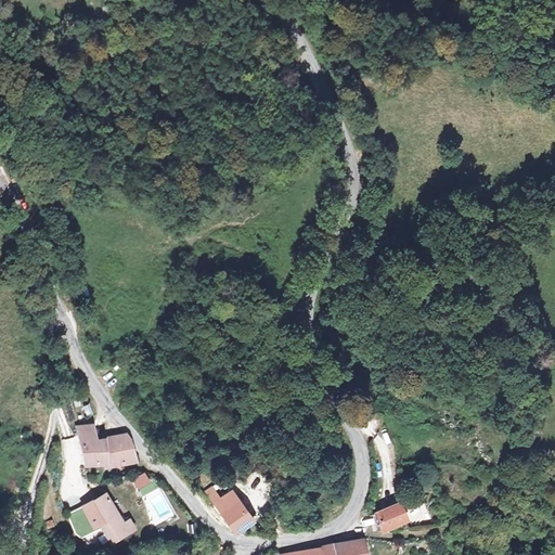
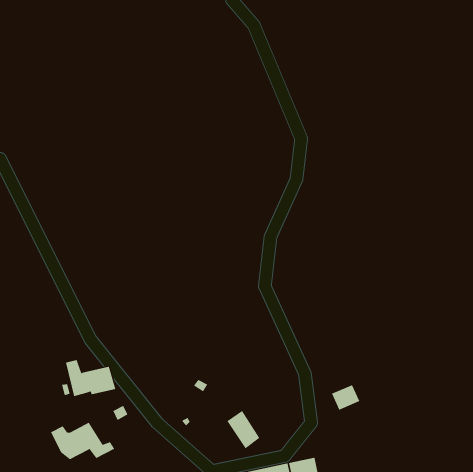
building: [217,493,256,539] -> [227,410,260,449]
building: [373,508,406,539] -> [331,384,360,410]

